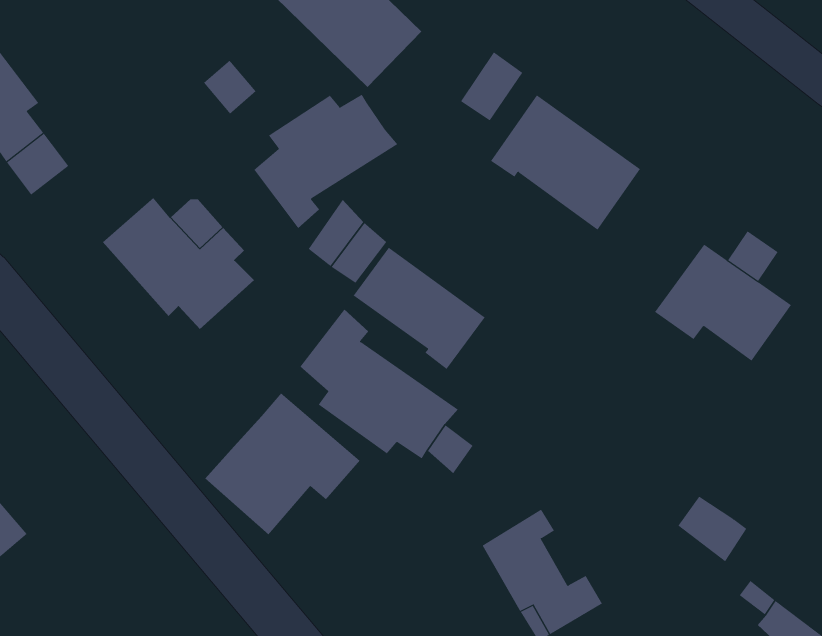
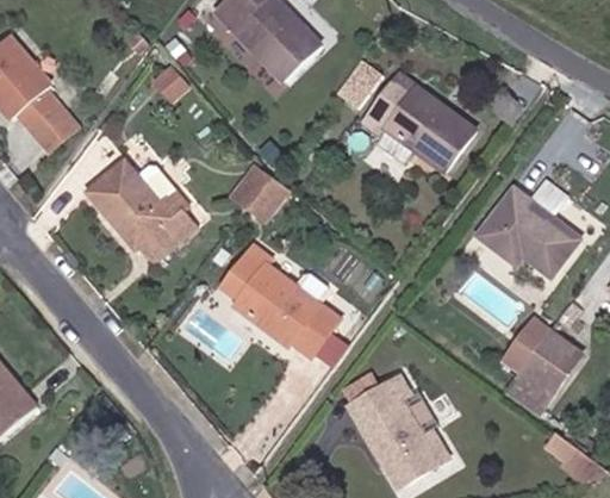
building: [253,94,398,229] -> none
building: [353,247,486,370] -> none
building: [204,393,361,535] -> none
building: none -> [513,329,571,390]

